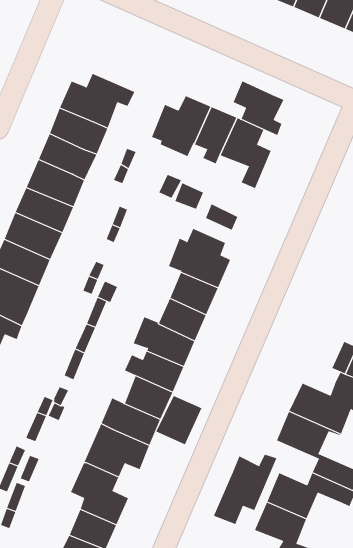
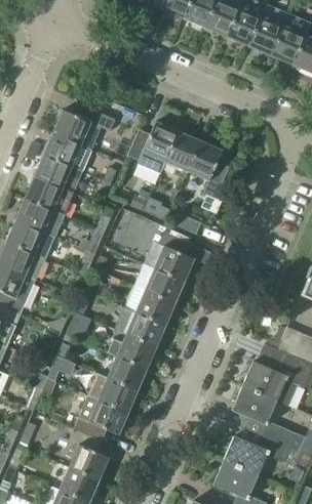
building: [233,80,284,136] -> none
building: [156,395,202,445] -> none
building: [213,454,277,525] -> none

